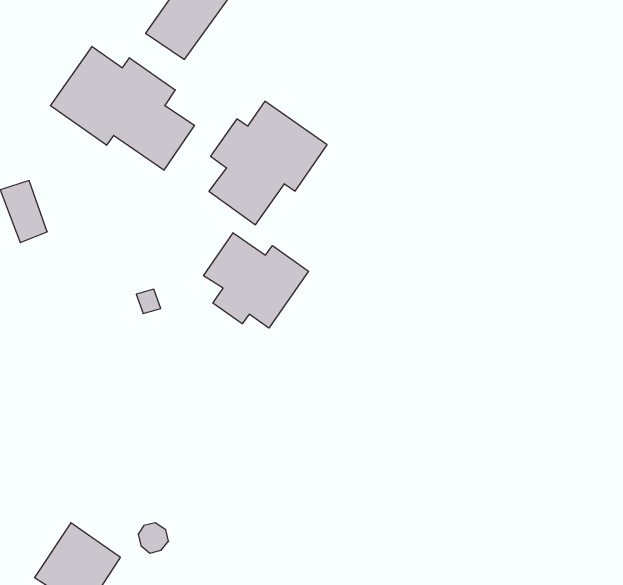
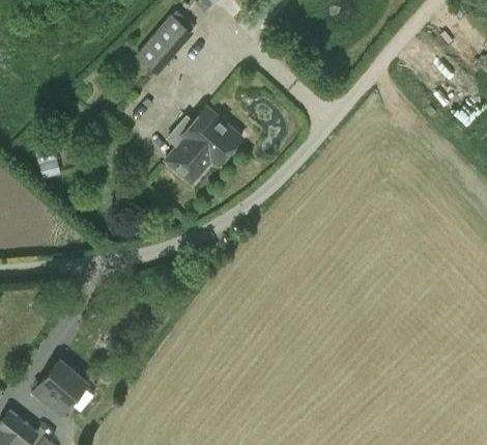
building: [50,46,194,170] -> none
building: [204,233,309,328] -> none

